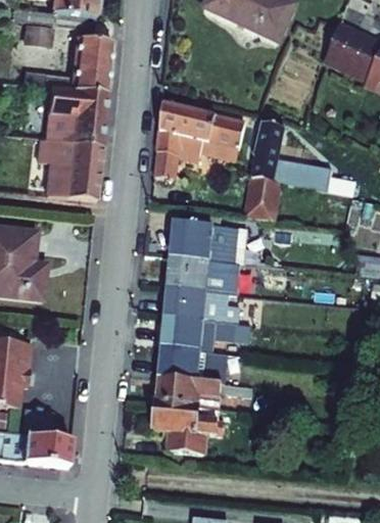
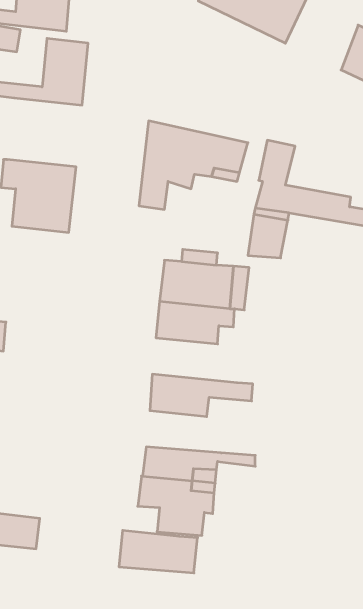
building: [43,85,106,143] -> none
building: [165,287,239,325] -> none
building: [160,348,227,384] -> [119,530,198,573]

